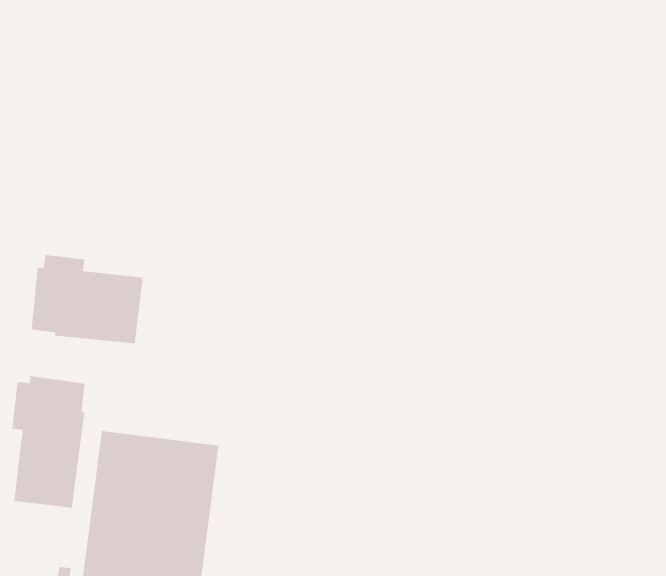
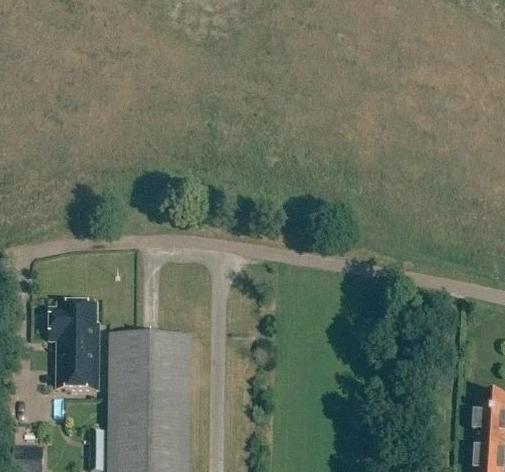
building: [31,254,143,344] -> none

